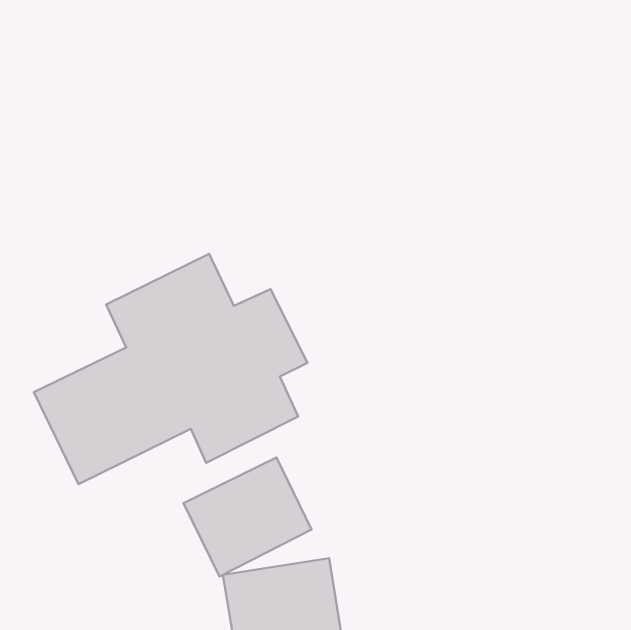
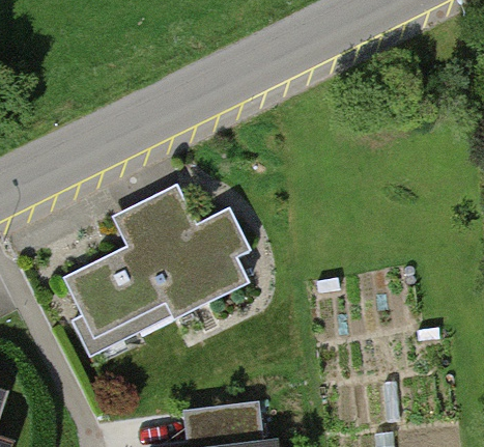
building: [184,457,311,577] -> none

